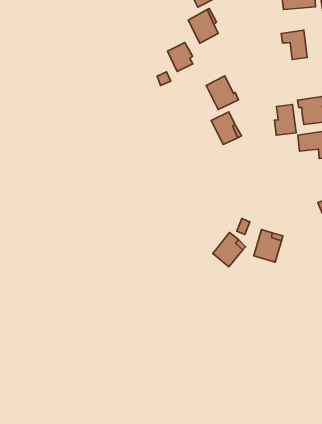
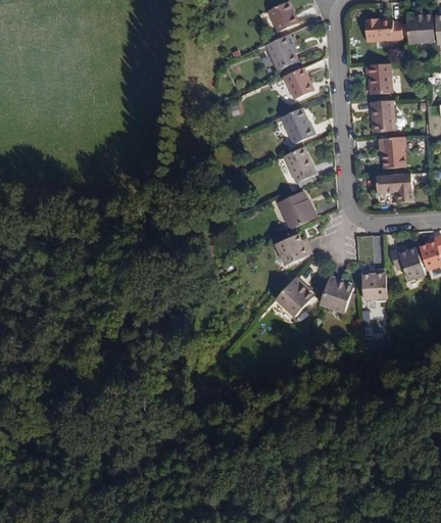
building: [167,42,193,71] -> [283,68,309,99]
building: [274,105,296,135] -> [371,101,393,133]
building: none -> [277,191,315,229]
building: none -> [275,233,311,265]
building: none -> [362,268,387,298]

